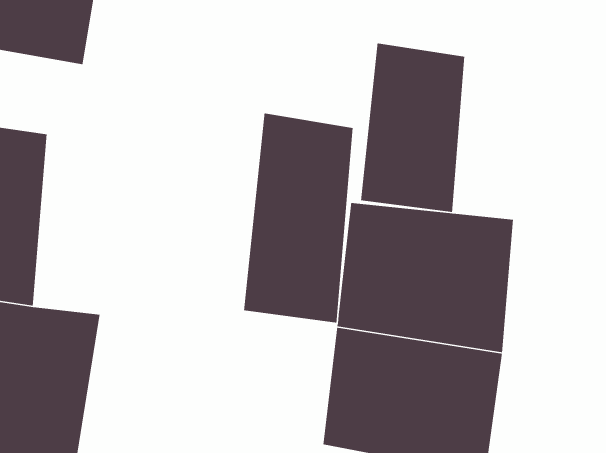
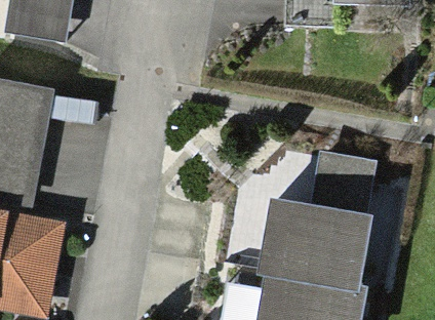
building: [360,42,465,213] -> none
building: [243,112,354,323] -> none

